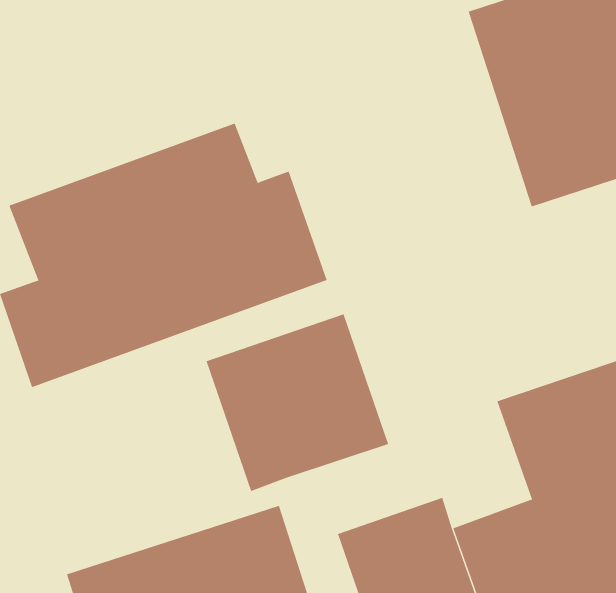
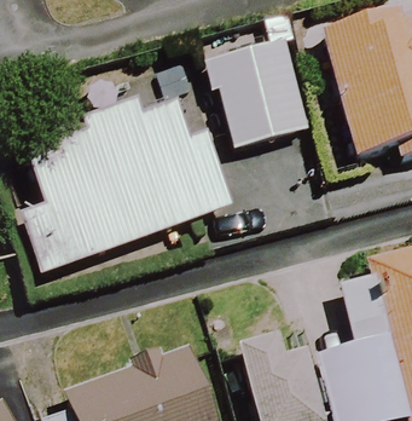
building: none -> [210,36,308,148]
building: [206,313,389,492] -> none

